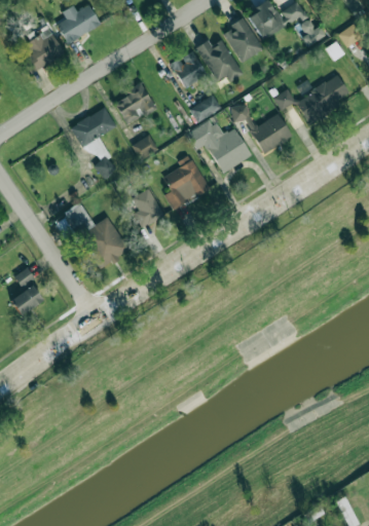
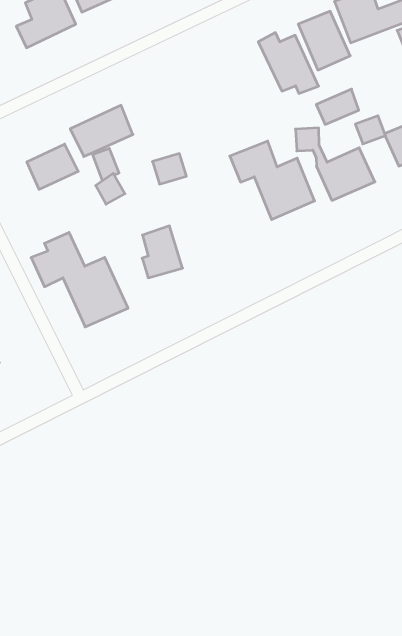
building: [171,51,208,88] -> none
building: [114,82,156,125] -> none
building: [190,95,221,122] -> [316,89,359,124]
building: none -> [27,144,78,189]
building: [163,155,210,211] -> none

